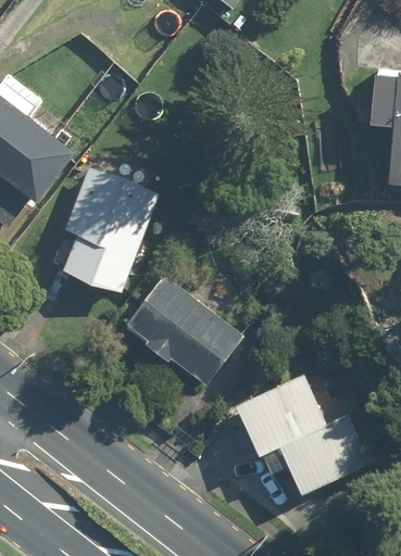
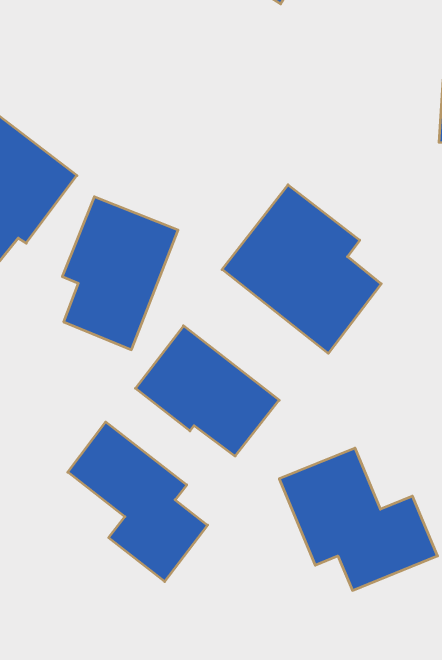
building: none -> [222,185,381,353]
building: none -> [68,422,208,582]

